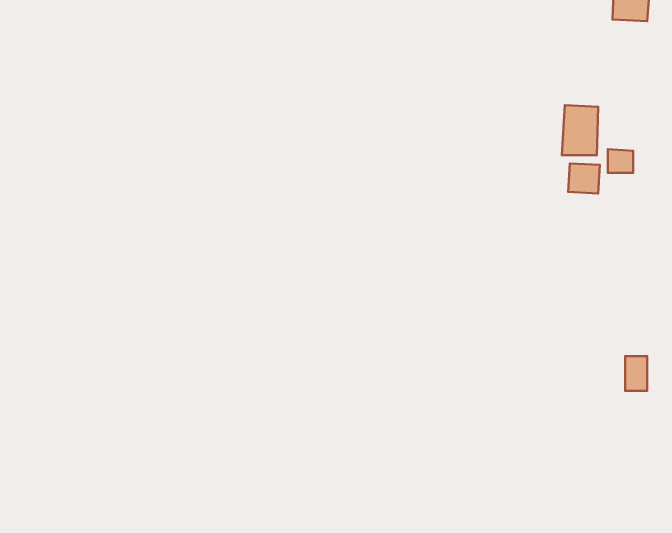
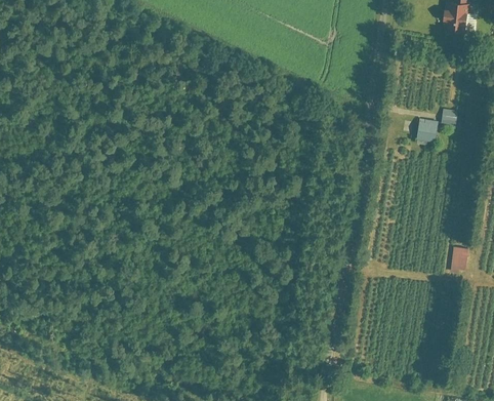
building: [562,105,598,155] -> none

